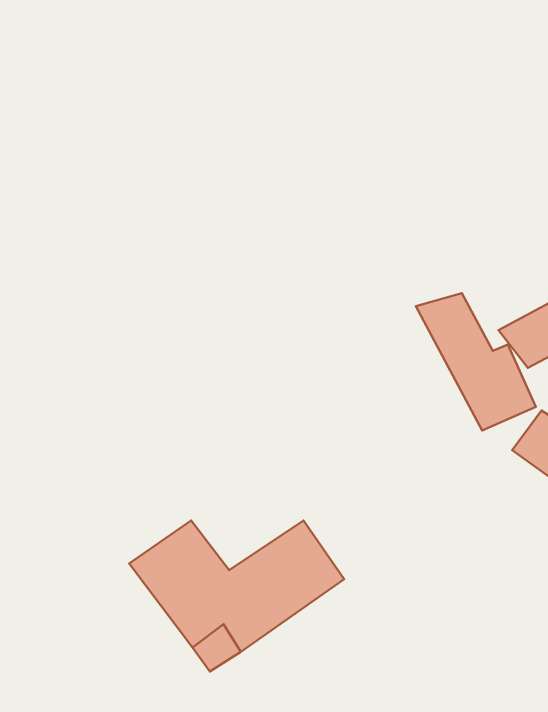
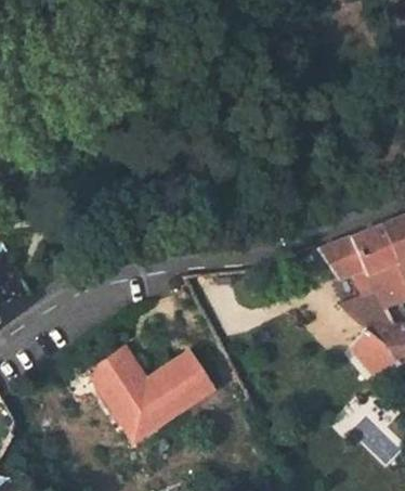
building: [416,293,536,431] -> none

